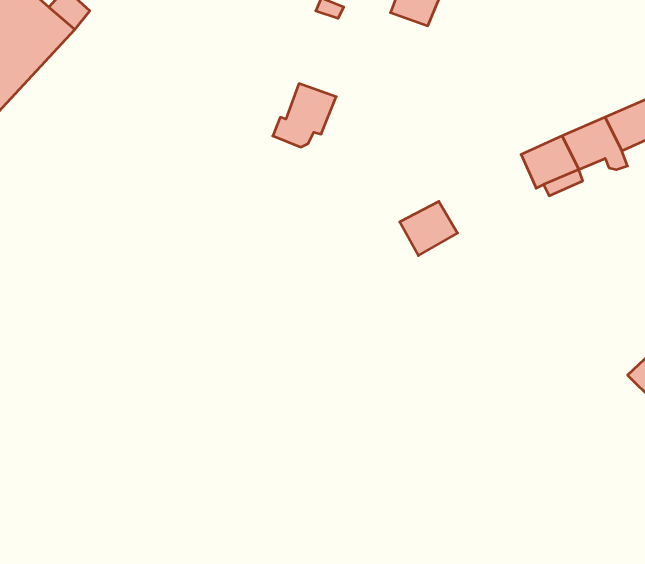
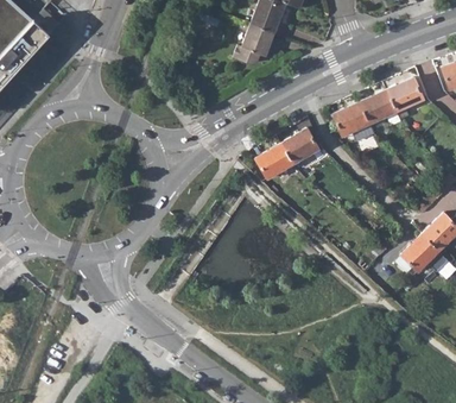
building: [273,84,336,147] -> [233,23,273,63]
building: none -> [280,127,318,163]

